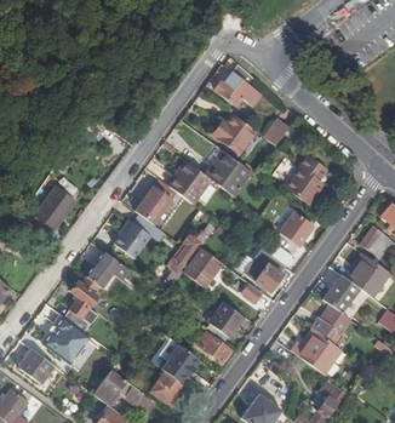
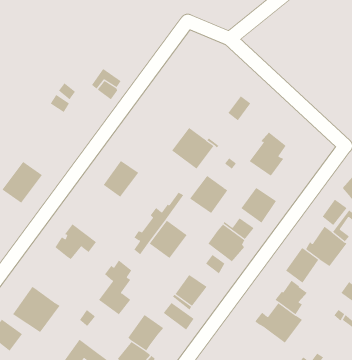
building: [218,63,259,105] -> none
building: [213,114,258,155] -> none
building: [170,162,210,202] -> [189,175,228,214]
building: [115,219,151,258] -> none
building: [64,275,99,332] -> [98,260,132,315]

